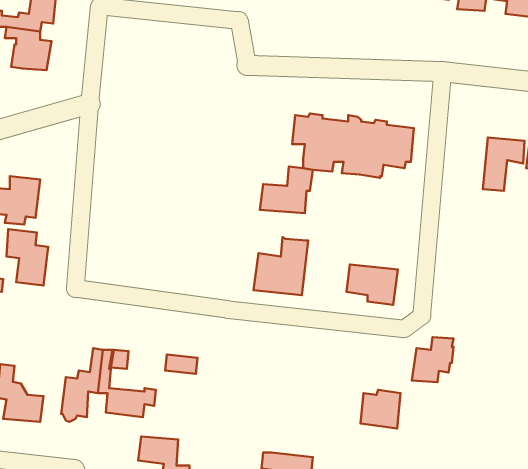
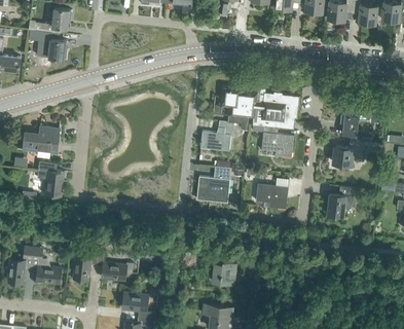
building: none -> [251,125,293,158]
building: none -> [332,141,364,166]
building: [412,337,453,382] -> [326,187,353,216]
building: [360,390,400,428] -> [211,261,236,286]

